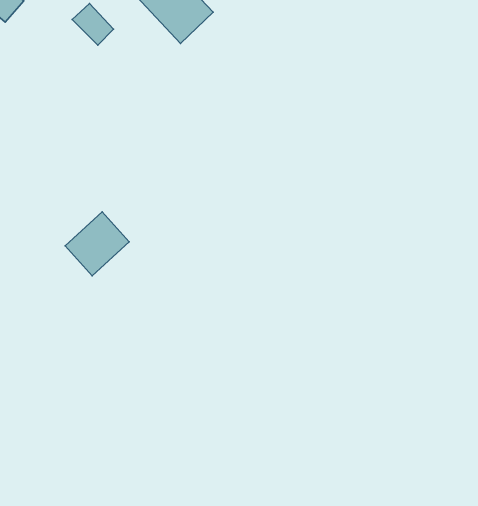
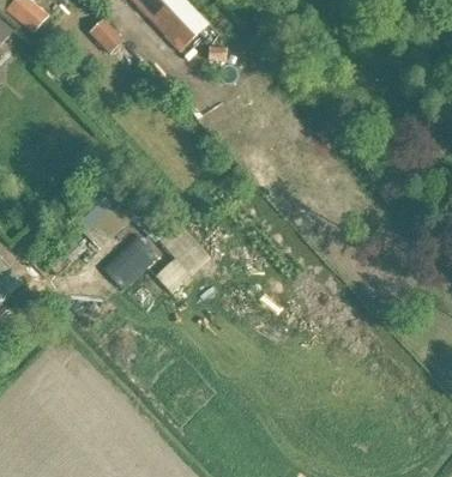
building: none -> [107,231,158,283]

